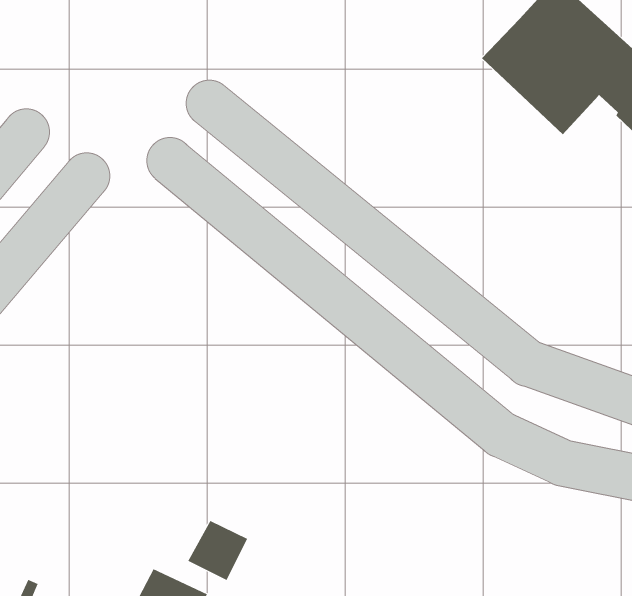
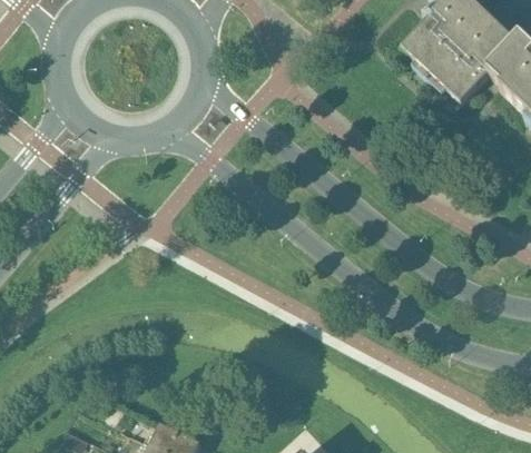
building: [188,520,248,581] -> none

